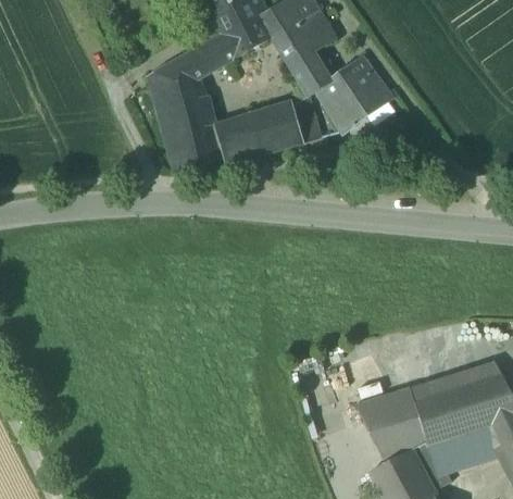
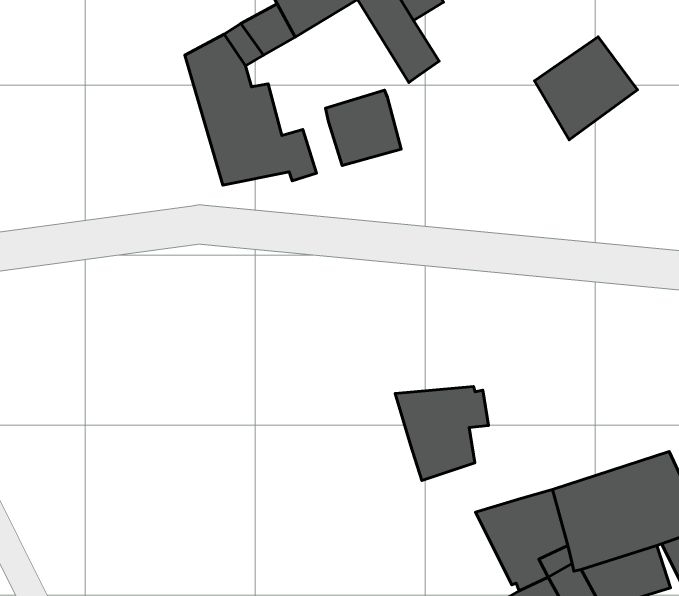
building: [316,58,390,132] -> [534,37,637,140]
building: [293,95,322,142] -> none
building: [233,123,261,160] -> none
building: none -> [395,386,489,481]

